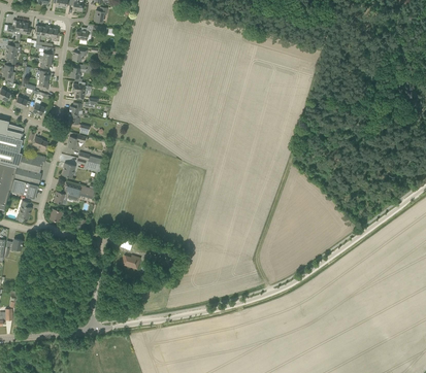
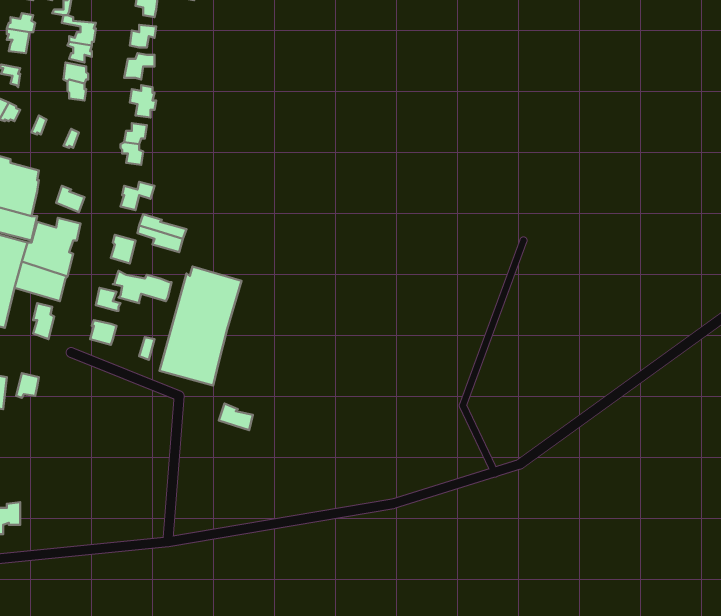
building: none -> [159,267,242,385]

